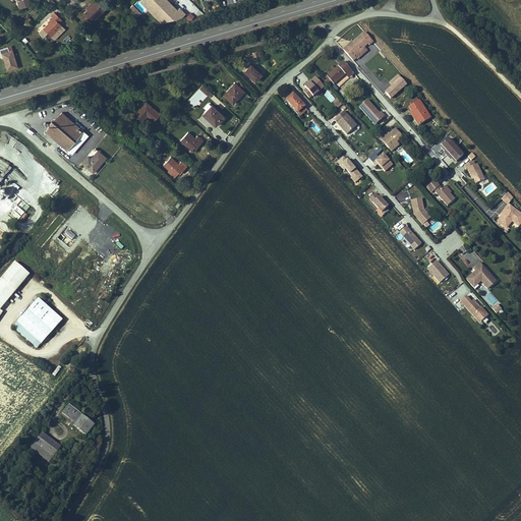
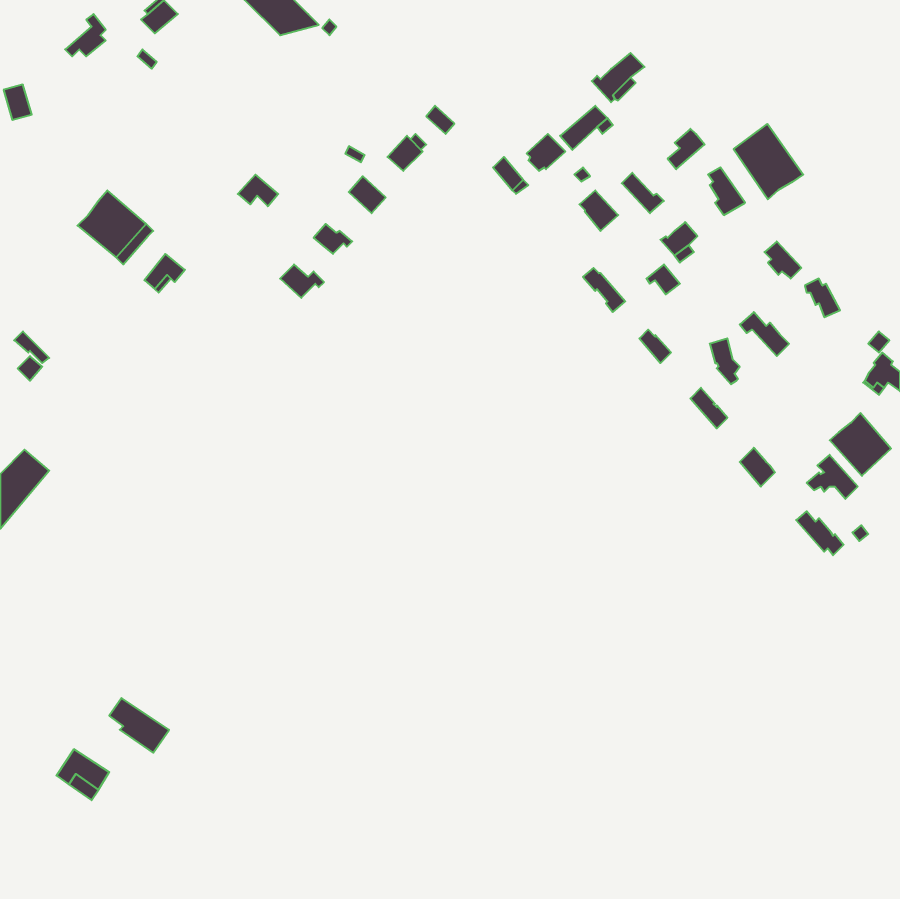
building: none -> [734,124,803,199]
building: none -> [830,413,891,476]
building: [12,297,63,348] -> none

